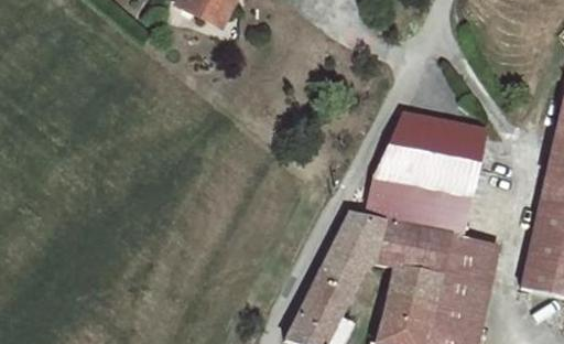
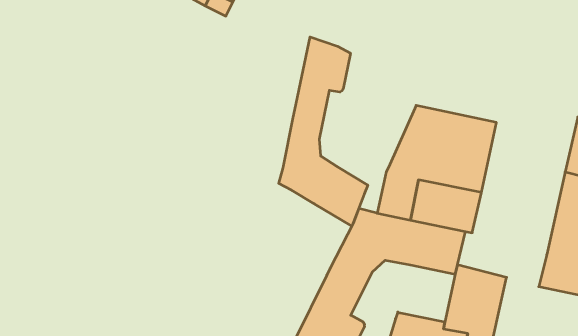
building: none -> [279,37,368,226]
building: [443,233,497,277] -> none
building: [387,265,441,320] -> none

